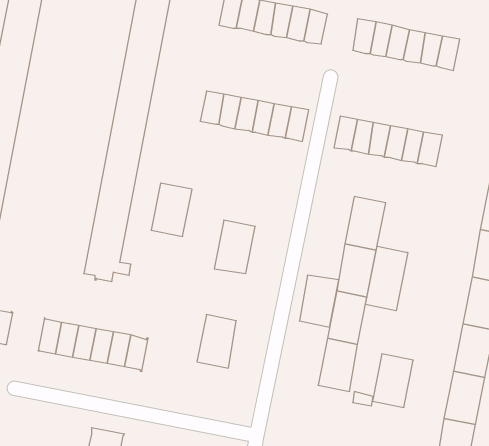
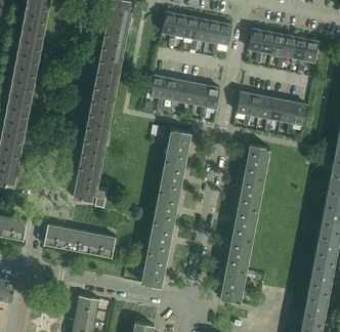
building: [151,183,192,236] -> [165,130,192,165]
building: [365,246,408,311] -> none
building: [299,275,339,327] -> [154,193,179,226]
building: [372,354,413,407] -> [220,268,247,303]
building: none -> [141,253,168,288]

